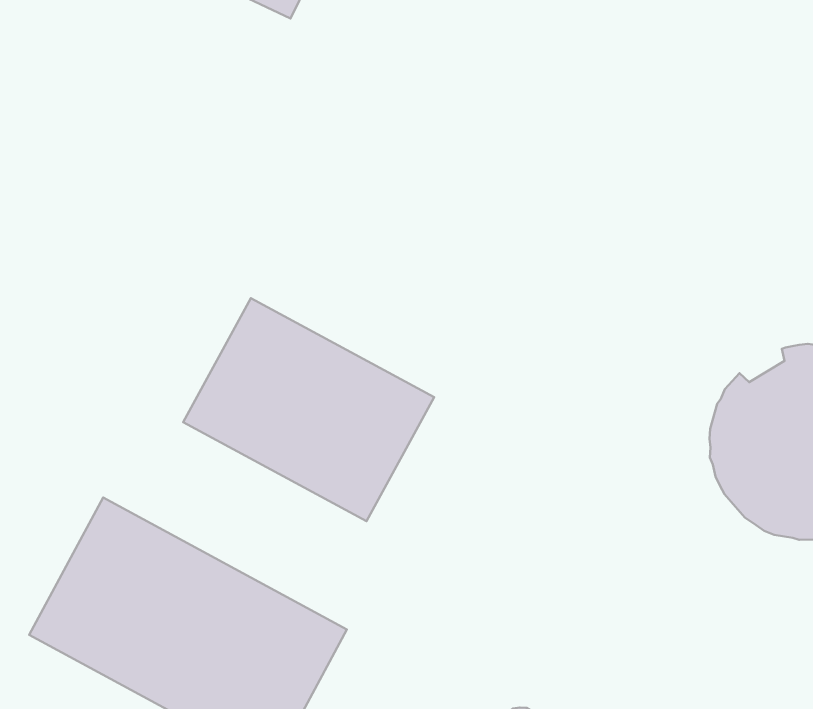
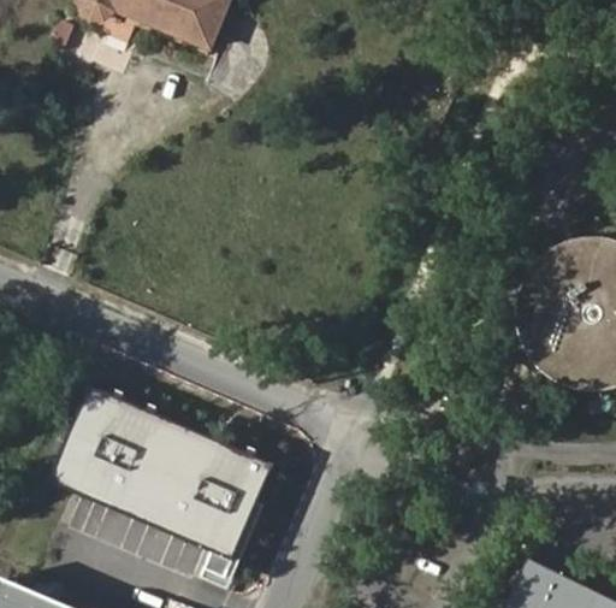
building: [183,298,434,521] -> none

